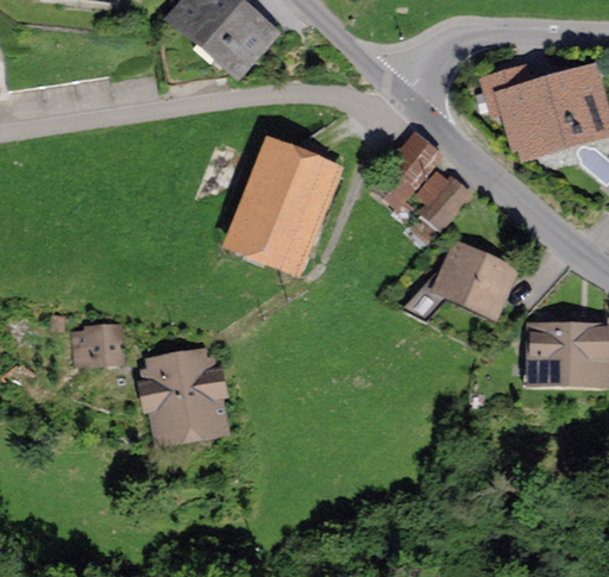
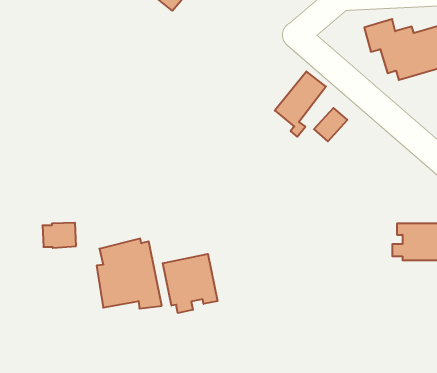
building: [234,145,333,270] -> none
building: [422,247,510,311] -> none
building: none -> [163,254,218,313]

